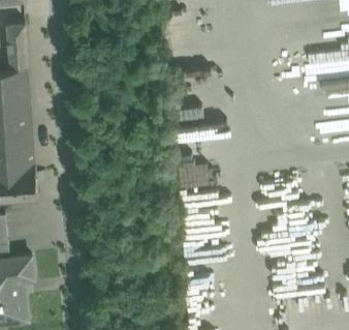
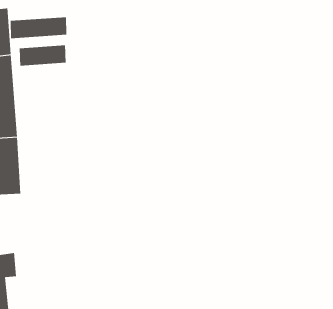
building: none -> [10,16,67,39]
building: none -> [19,44,66,67]

